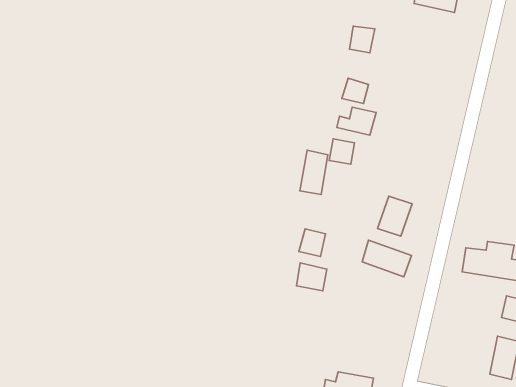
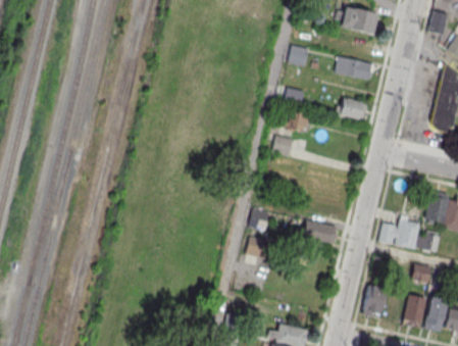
building: none -> [336,56,374,80]
building: none -> [340,98,367,119]
building: [300,150,328,194] -> none
building: [377,196,412,236] -> none
building: none -> [362,286,387,319]

